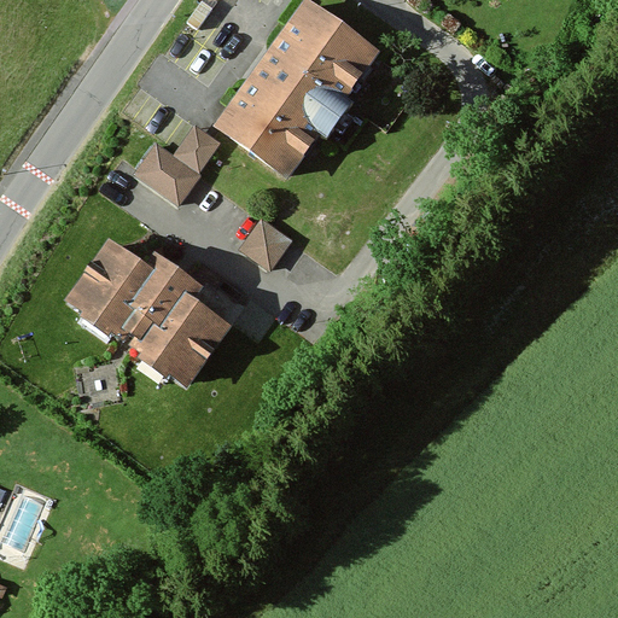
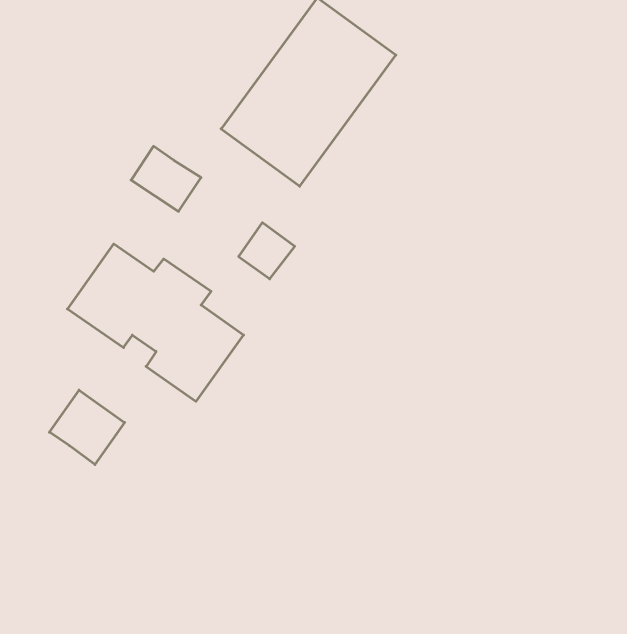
building: [168,124,214,171] -> none
building: none -> [49,390,125,465]

